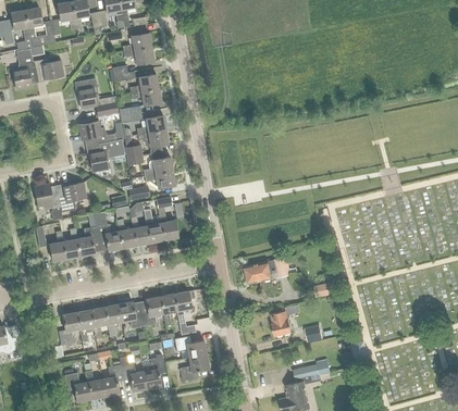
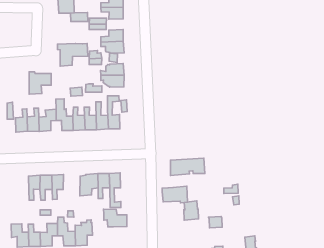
building: [79,121,123,146] -> none
building: [34,183,62,220] -> none
building: none -> [162,186,188,203]
building: [119,301,143,328] -> none
building: [59,312,79,345] -> none
building: [180,354,209,381] -> none

